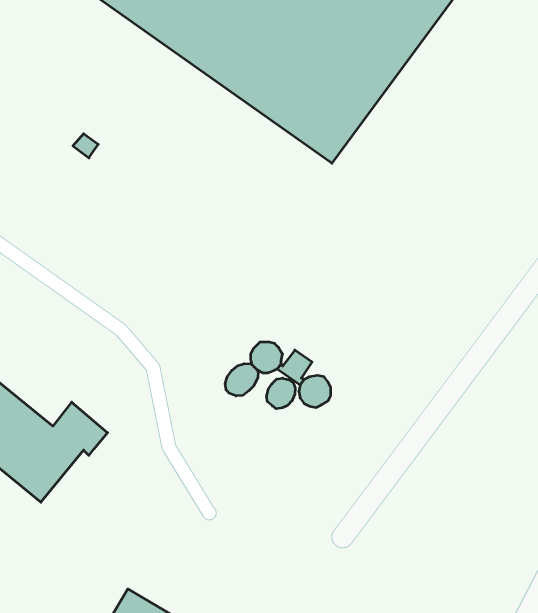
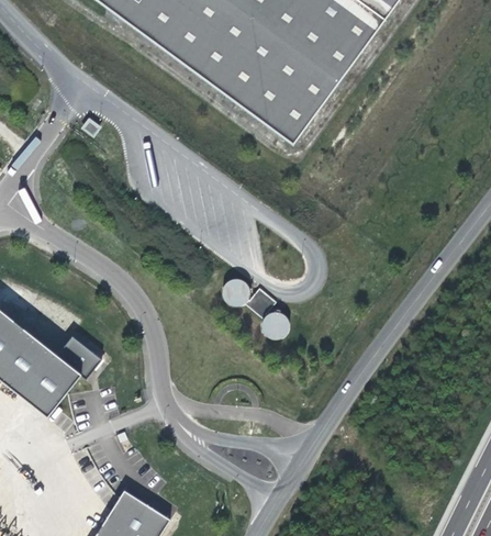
building: [225,363,258,396] -> none
building: [267,378,295,409] -> none

